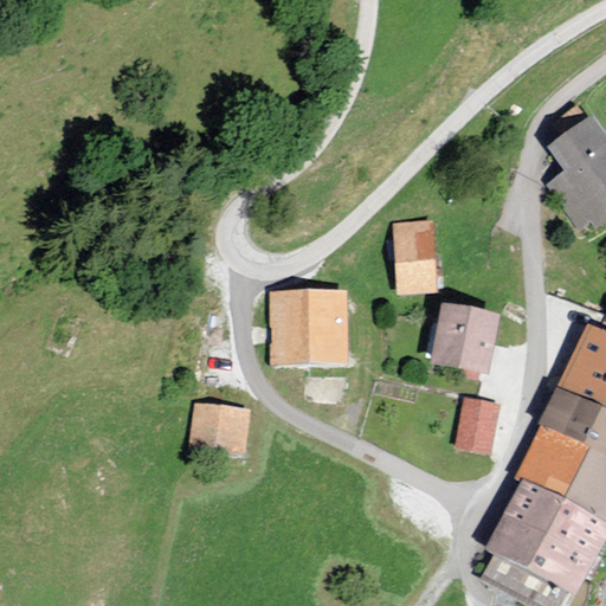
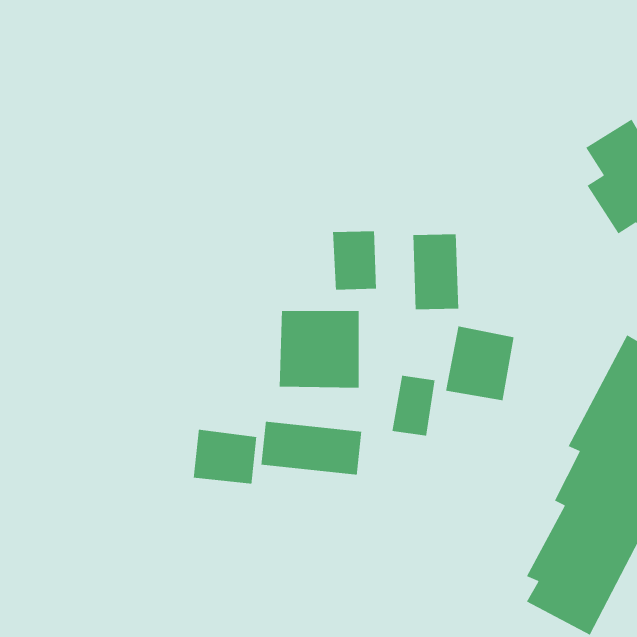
building: none -> [332,230,377,290]
building: none -> [261,421,362,476]
building: [452,397,494,454] -> [391,375,436,436]

